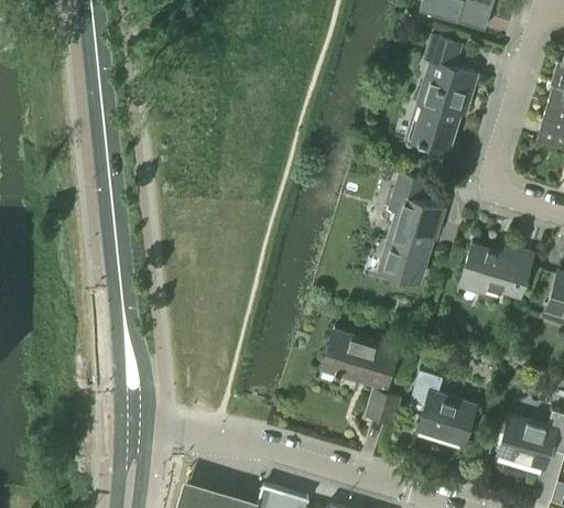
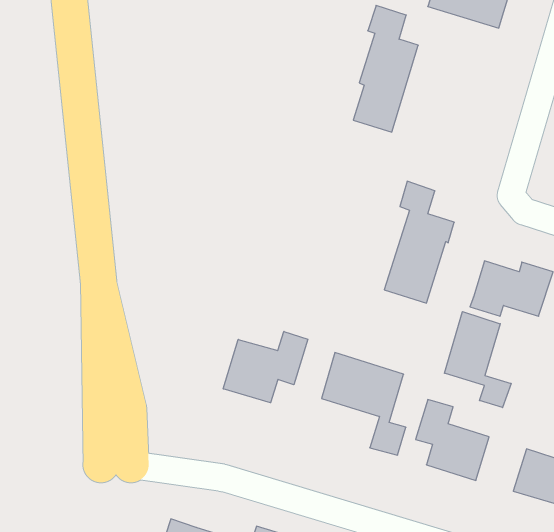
building: [411,39,470,154] -> [353,5,418,132]
building: none -> [444,312,511,408]
building: none -> [223,331,308,403]

